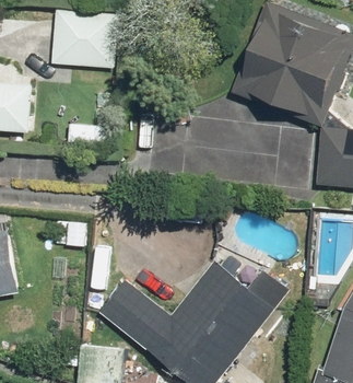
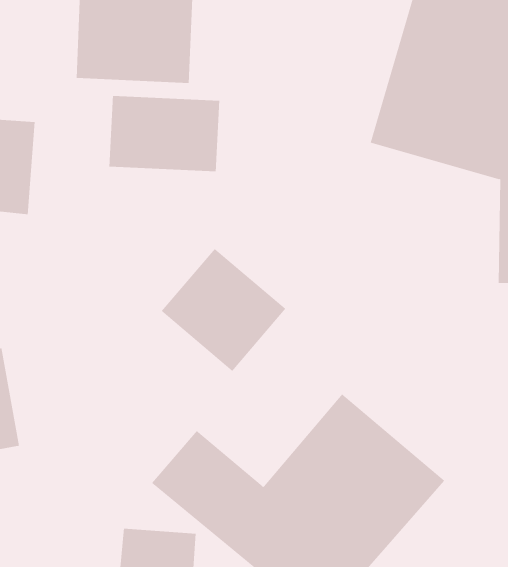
building: none -> [109,95,220,172]
building: none -> [161,248,286,372]

